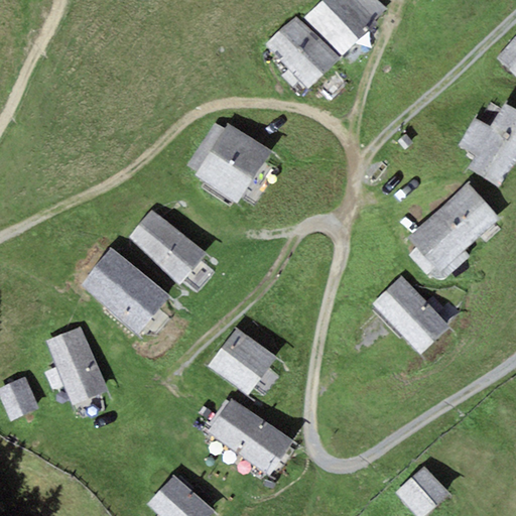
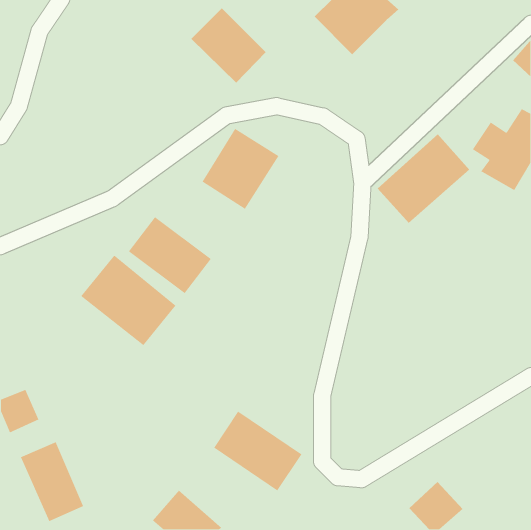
building: [266,15,340,89] -> [191,8,266,83]
building: [408,183,499,271] -> [377,133,470,224]
building: [371,275,449,355] -> none
building: [45,328,108,406] -> [20,441,84,522]
building: [209,329,276,394] -> none

